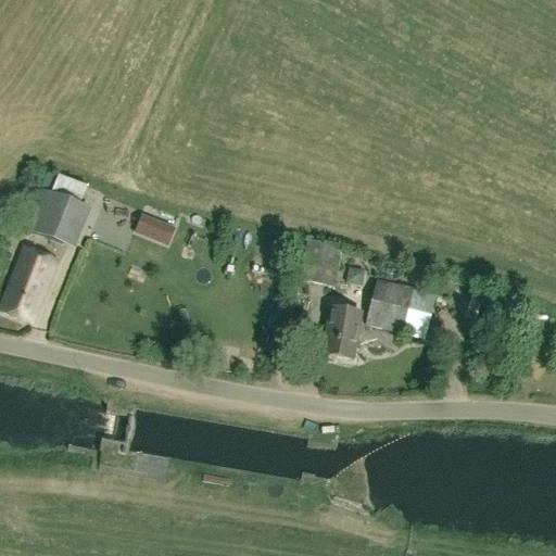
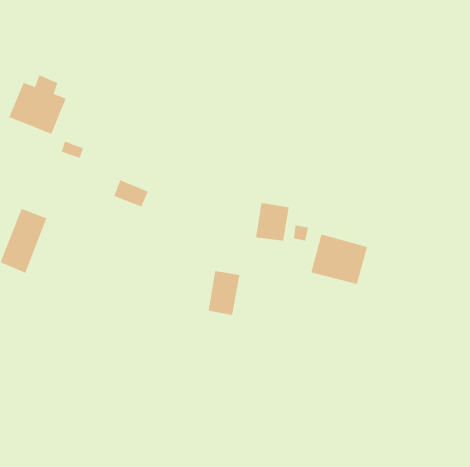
building: [24,177,92,248] -> [9,75,67,135]
building: [324,305,362,358] -> [208,270,240,316]

